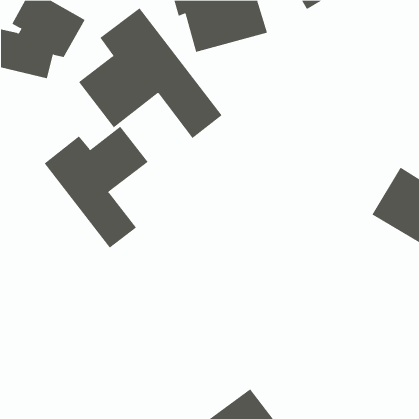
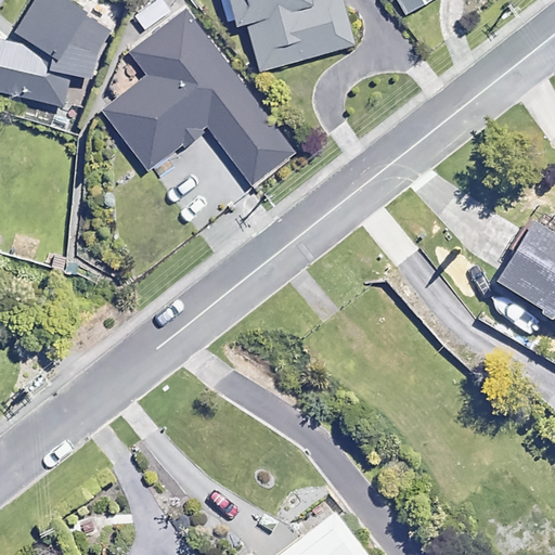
building: [44,126,148,248] -> none

